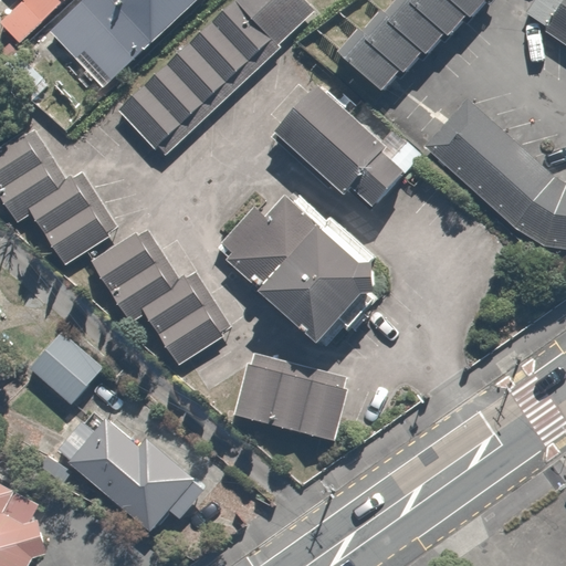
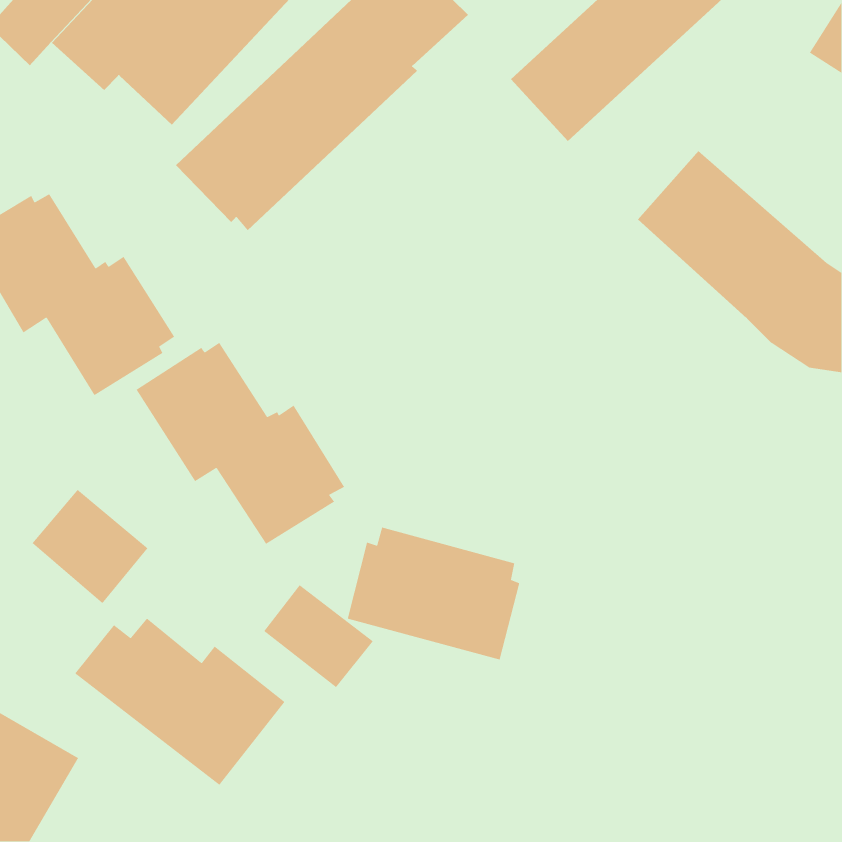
building: [273,87,403,218] -> none
building: [220,195,374,344] -> none
building: none -> [263,584,374,688]

